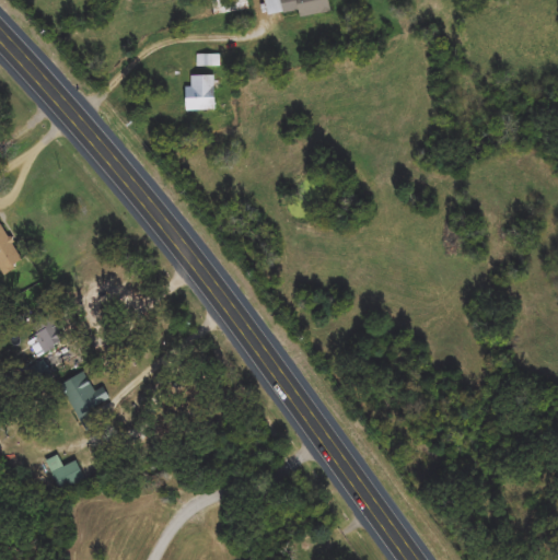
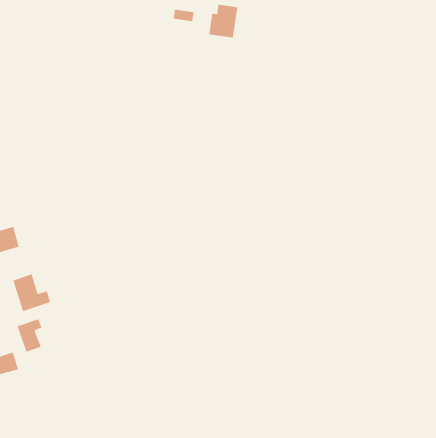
building: [185,73,213,108] -> [208,4,238,38]
building: none -> [17,319,42,352]

